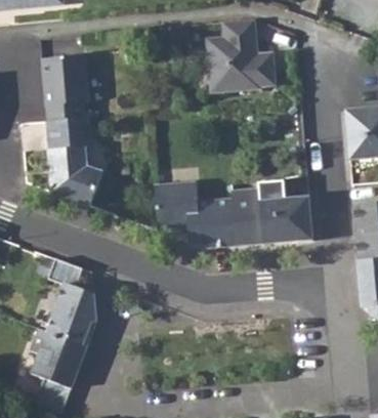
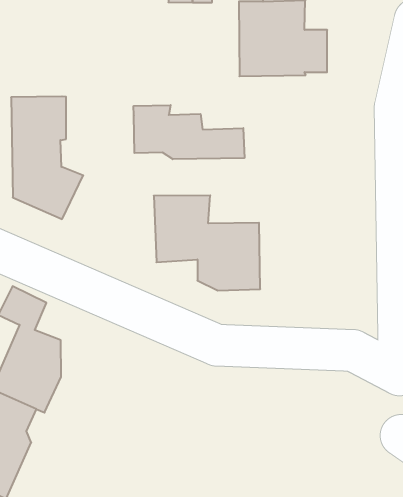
building: [41,56,88,119] -> none
building: none -> [134,105,244,159]
building: [232,180,310,246] -> none

